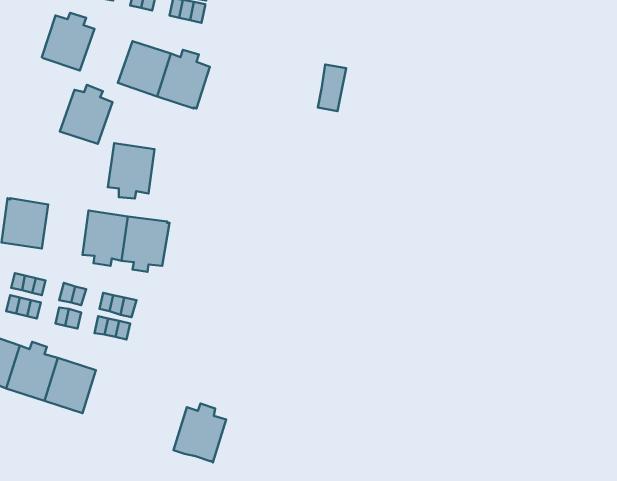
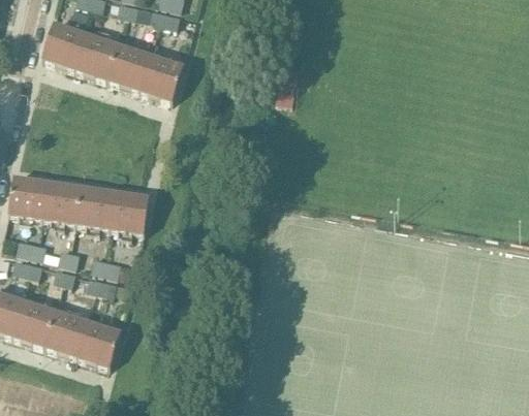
building: [60,85,113,144] -> [74,30,119,79]
building: [108,143,154,198] -> [42,182,82,228]
building: [173,404,226,462] -> [76,318,121,367]

